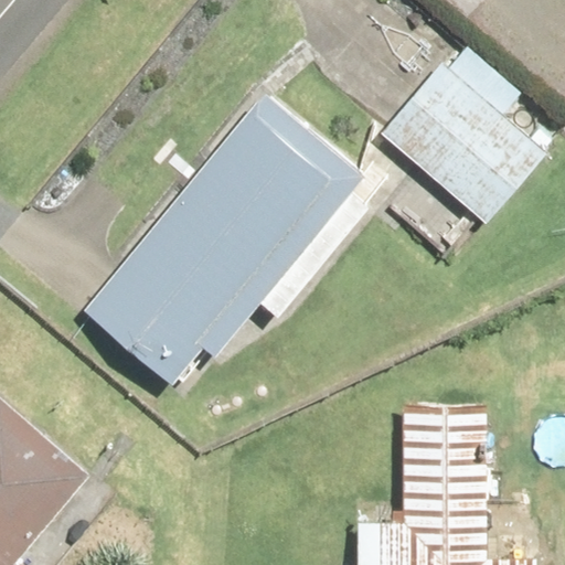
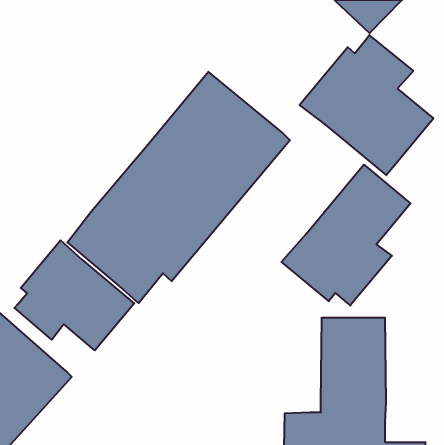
building: none -> [281,165,410,306]
building: none -> [14,240,134,350]

